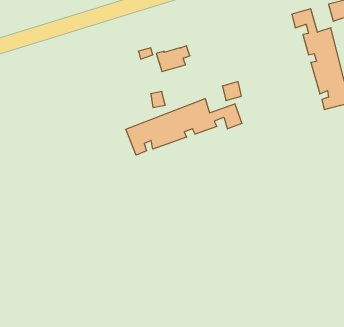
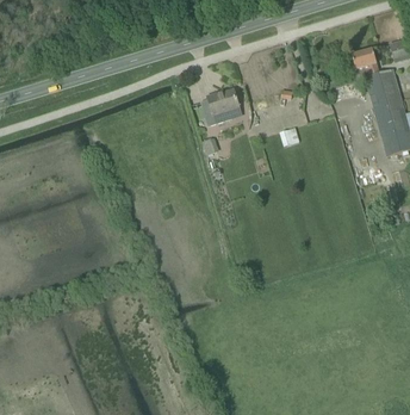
building: [126,99,242,155] -> none

